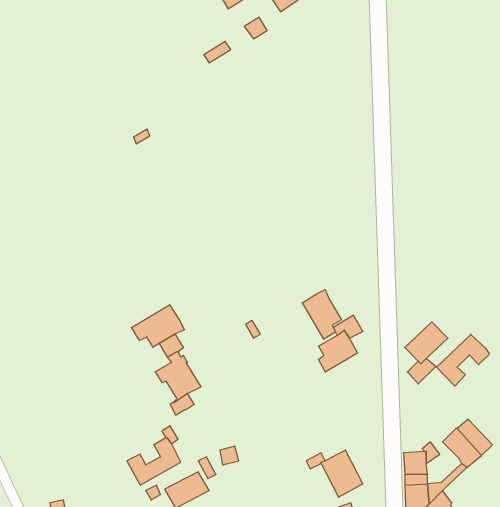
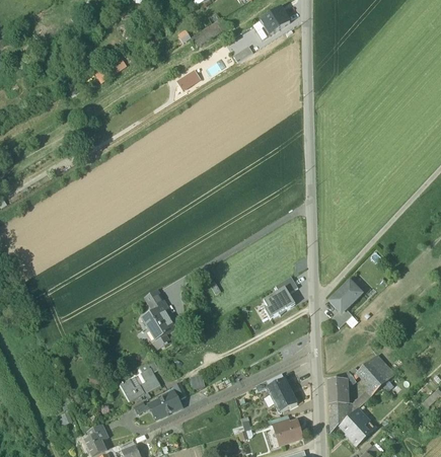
building: [302,290,341,339] -> none
building: [131,305,184,347] -> none
building: [437,334,489,386] -> none

